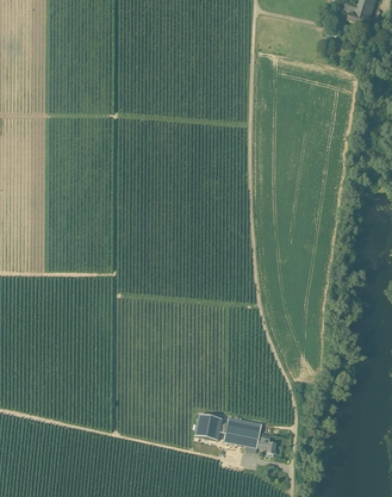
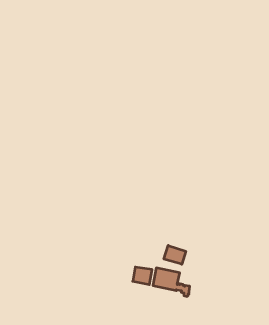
building: none -> [164,245,186,264]

